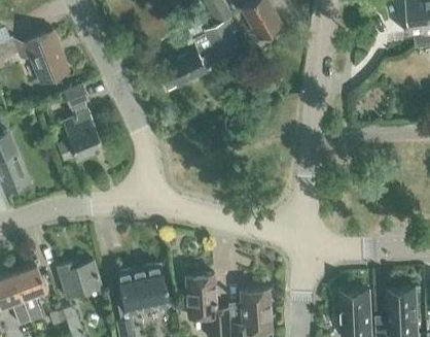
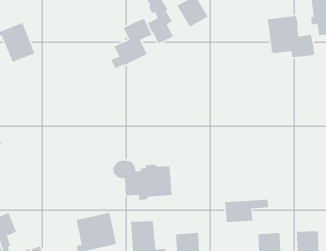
building: none -> [267,15,315,58]
building: [57,83,103,161] -> none
building: none -> [112,159,172,201]
building: none -> [224,199,269,223]
building: [57,261,101,297] -> none

